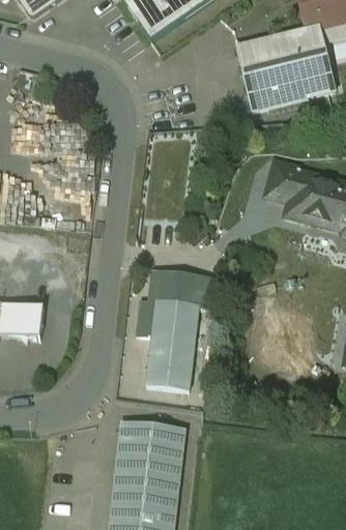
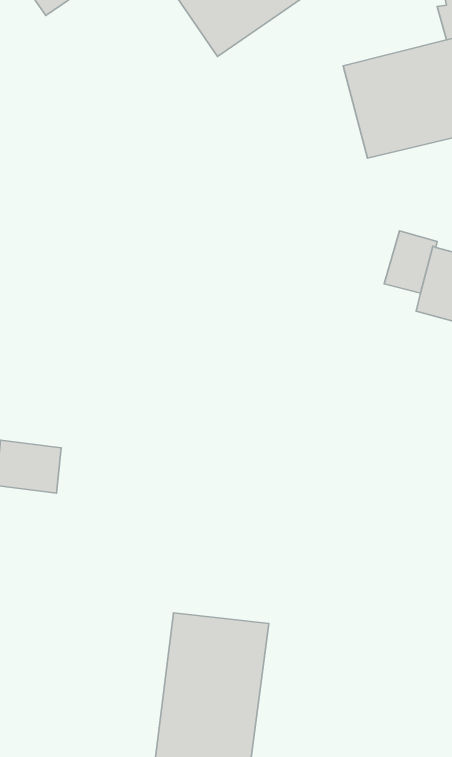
building: [136,270,219,389] -> none

